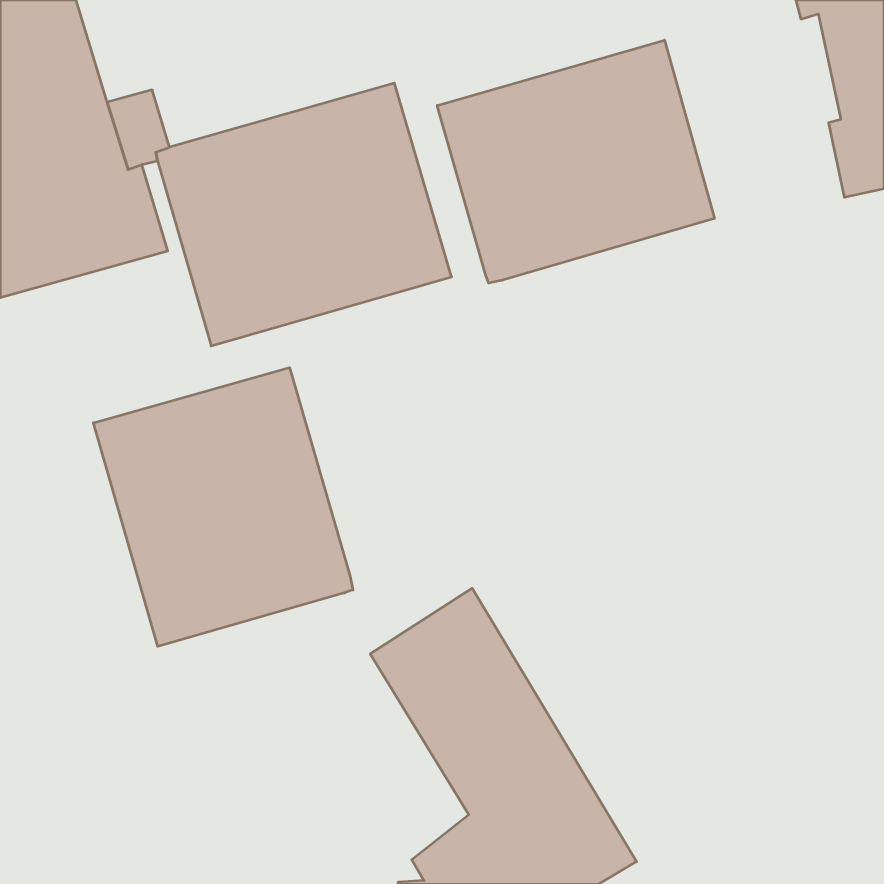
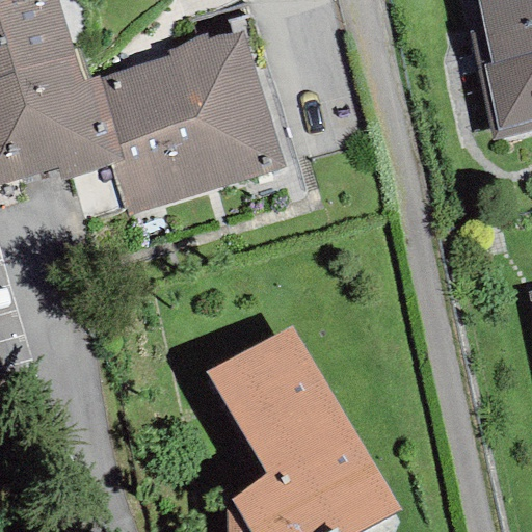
building: [437,40,714,283] -> none
building: [93,368,353,646] -> none

